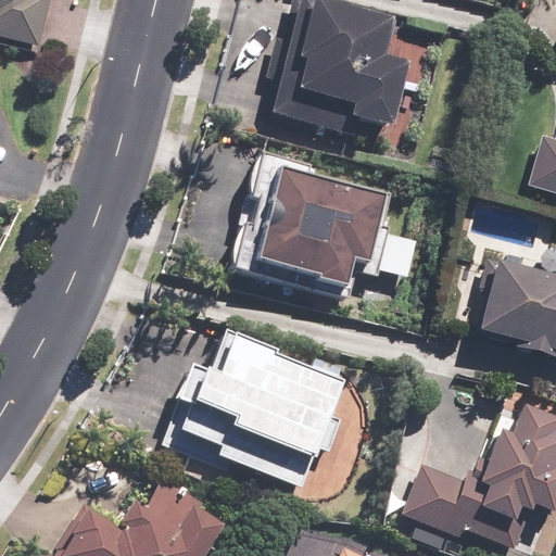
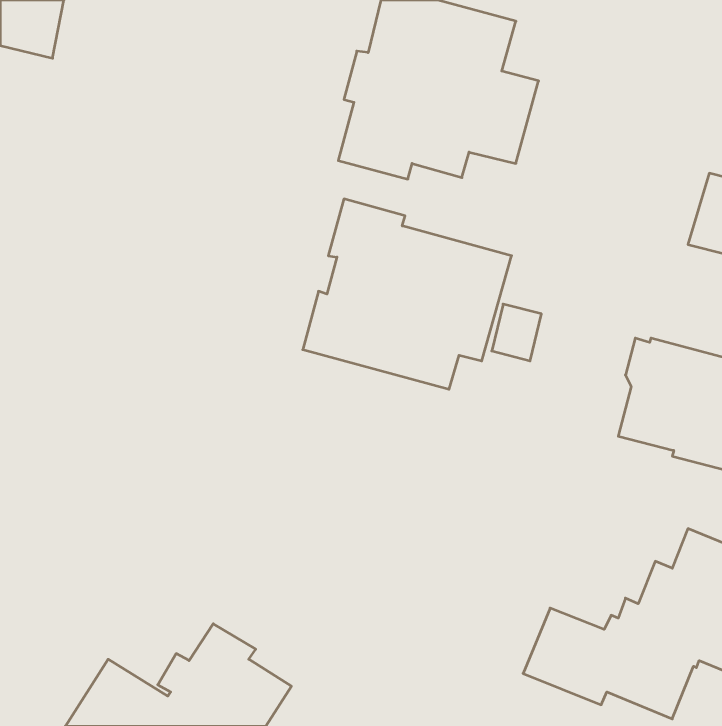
building: [164,329,346,485] -> none

